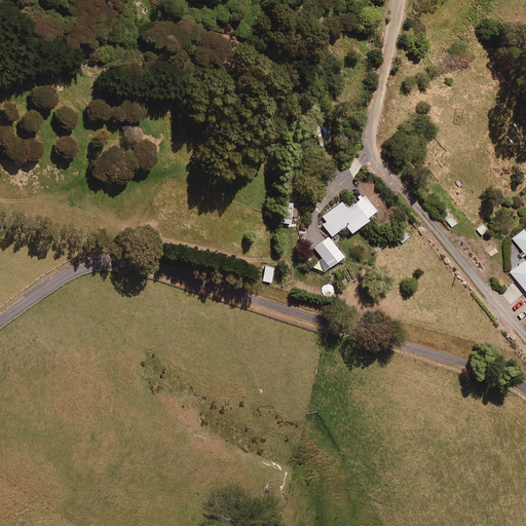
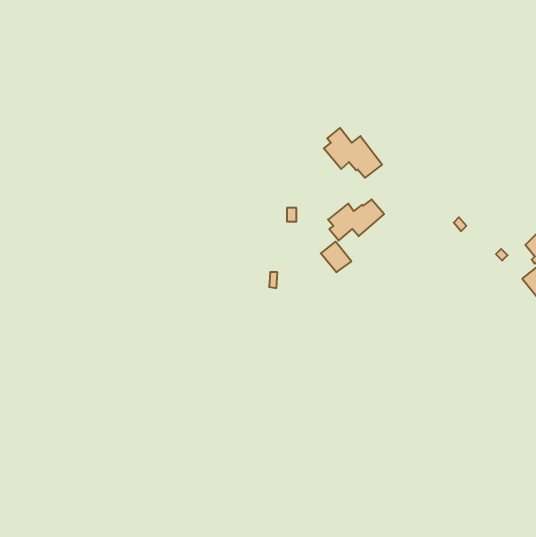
building: none -> [324,128,382,178]

